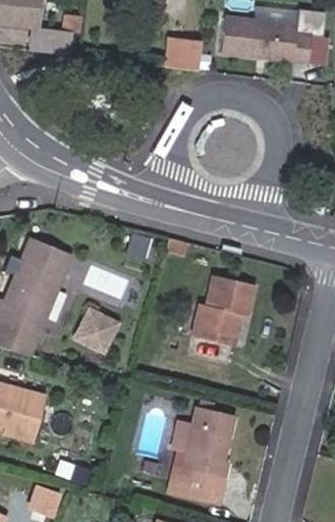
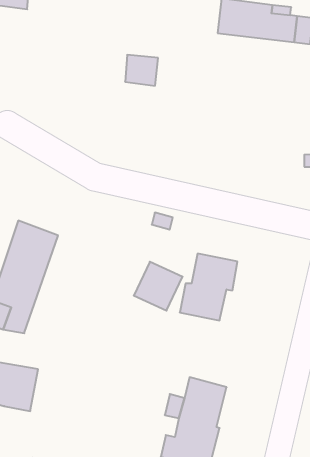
building: [24,25,70,53] -> none
building: [163,37,197,68] -> [125,55,158,86]
building: [76,306,126,356] -> [134,262,183,311]

